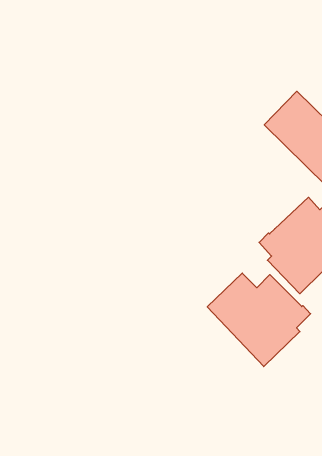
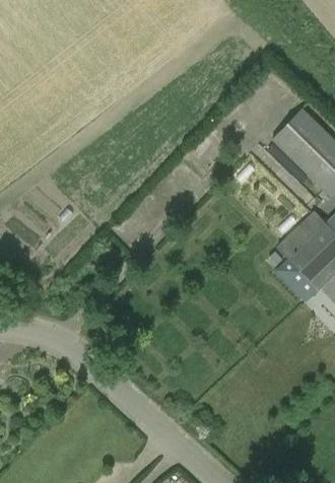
building: [207,273,311,367] -> none

